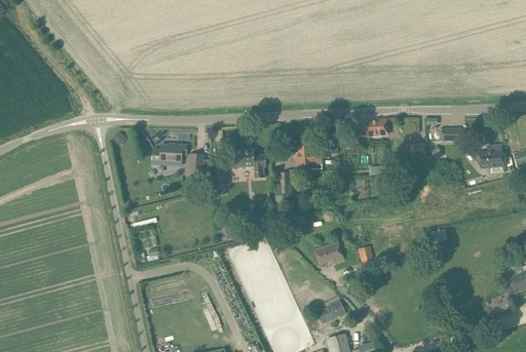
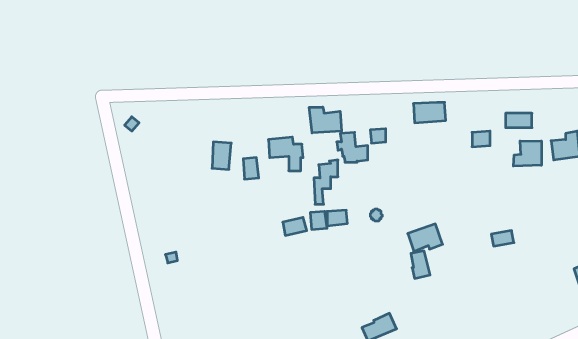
building: none -> [309,107,342,133]
building: [153,145,187,164] -> none
building: none -> [513,141,541,166]
building: [314,241,344,265] -> [408,224,443,252]

